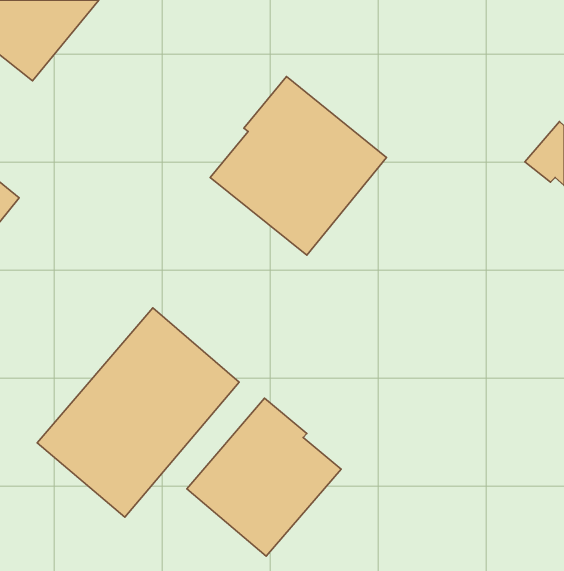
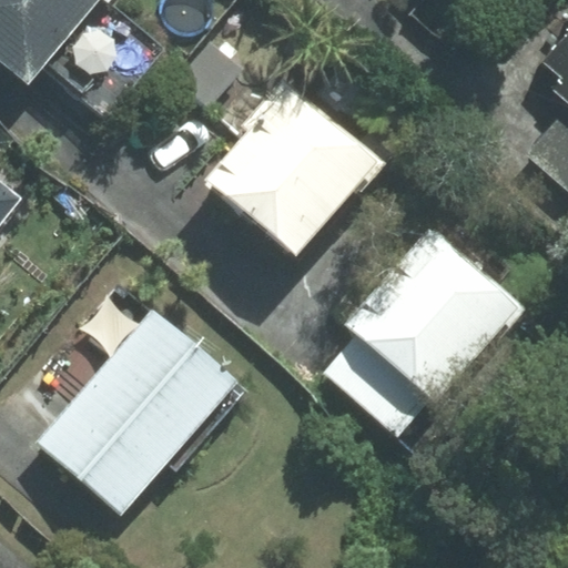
building: none -> [345,227,520,403]
building: [187,398,341,556] -> none

